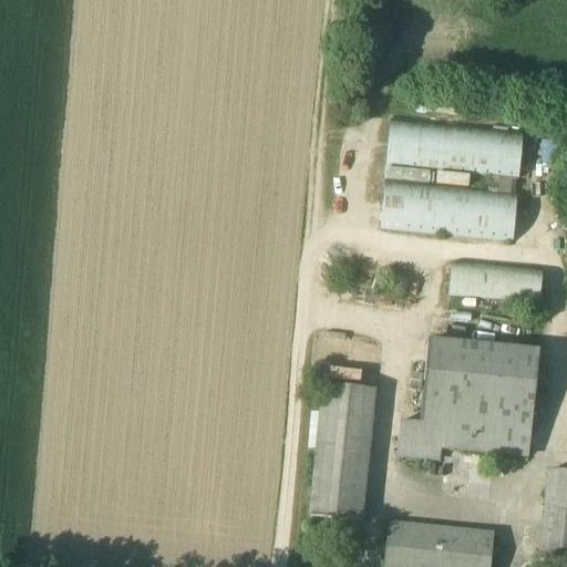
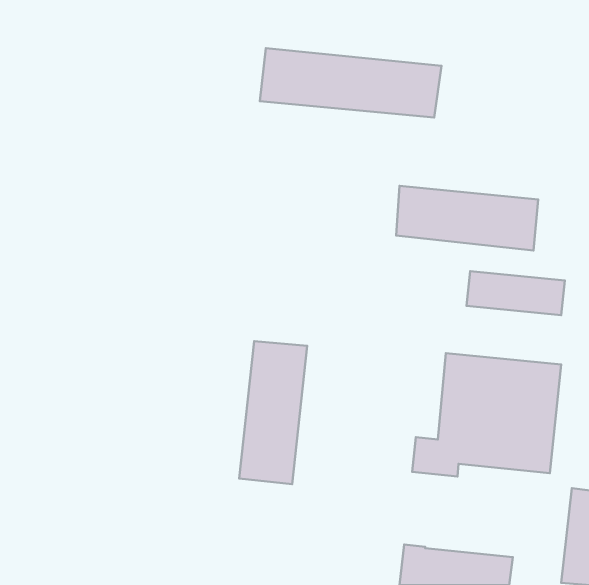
building: none -> [260,48,441,118]
building: [386,116,523,178] -> none
building: [310,383,375,520] -> [239,341,307,484]

